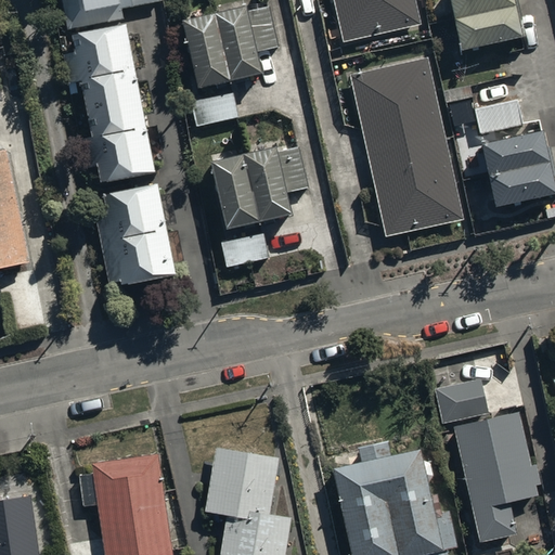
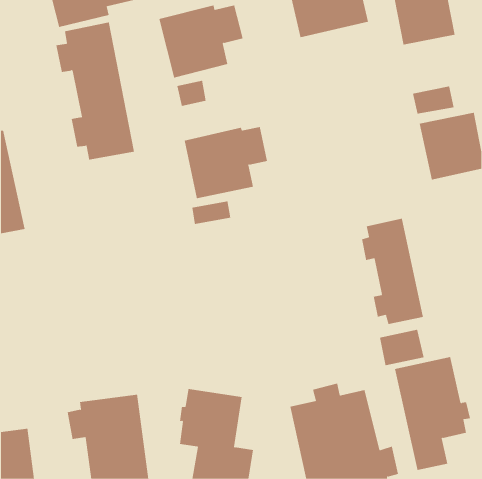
building: [350,60,464,235] -> none
building: [99,185,176,287] -> none
building: none -> [361,218,424,325]

